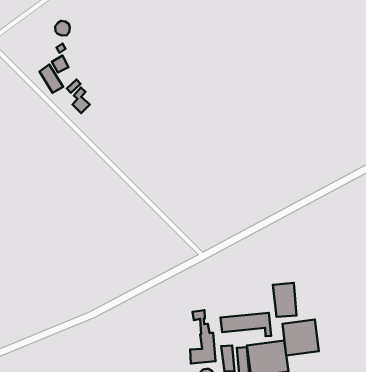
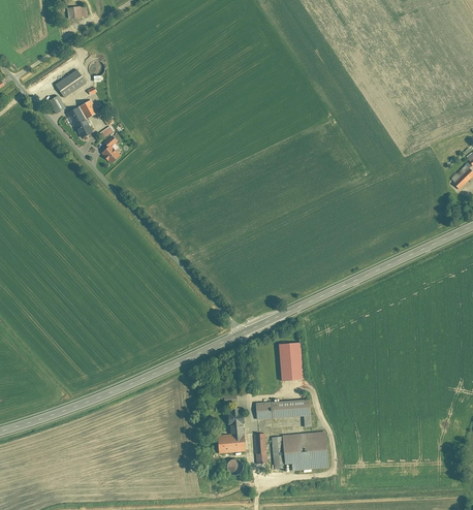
building: none -> [55,68,87,97]
building: [273,283,297,317] -> [279,344,304,381]
building: [283,319,319,355] -> none

